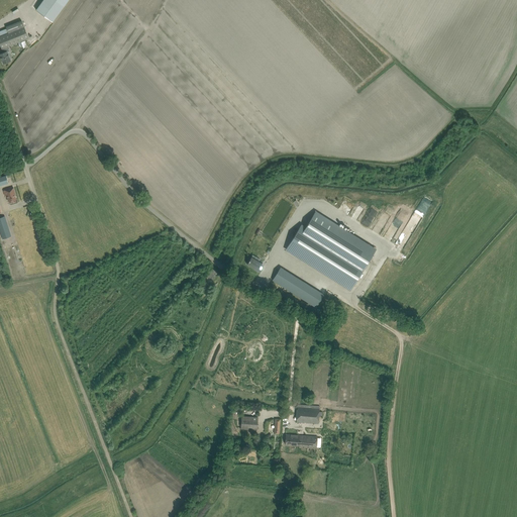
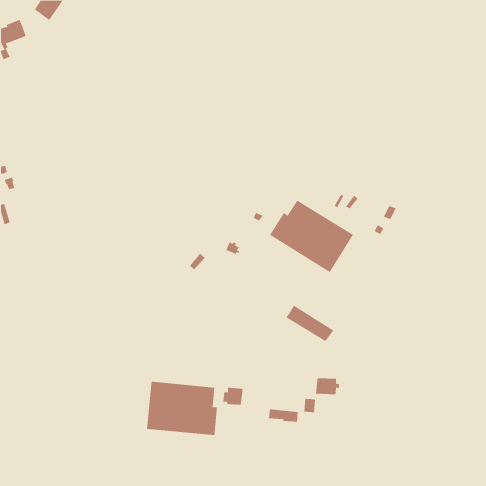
building: [273,268,324,307] -> [286,305,334,342]
building: none -> [147,381,218,436]
building: [296,405,322,423] -> [315,378,340,395]

